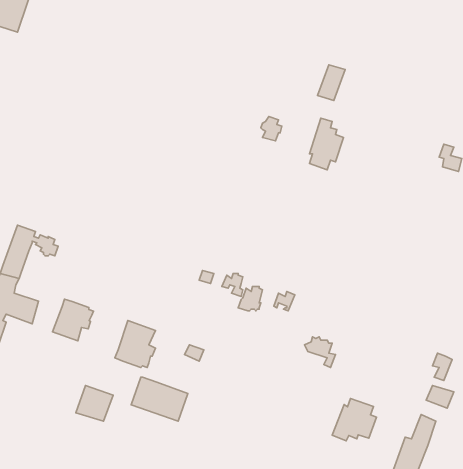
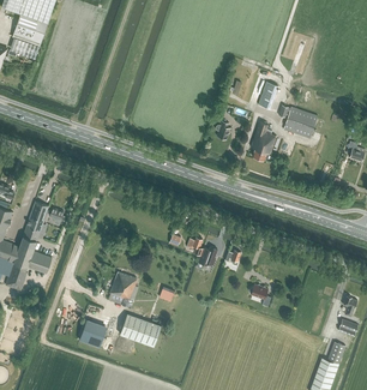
building: none -> [277,104,317,138]
building: [53,299,93,341] -> none
building: [332,398,377,441] -> none

